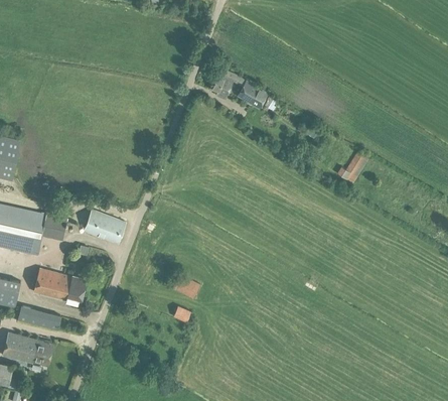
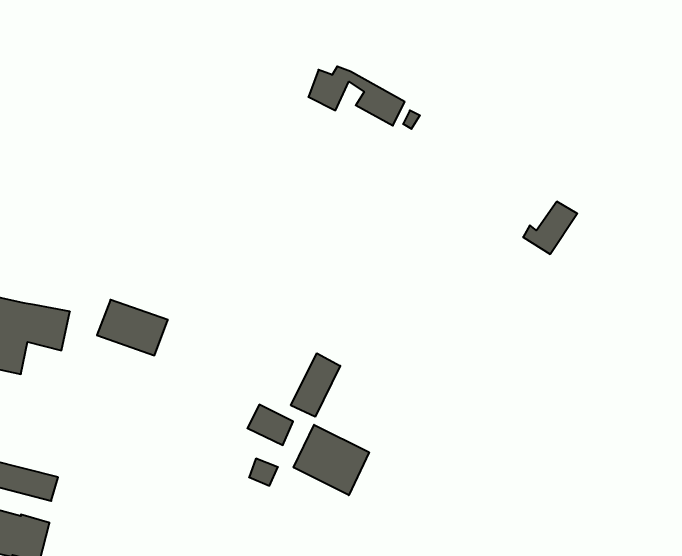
building: none -> [291,353,340,417]
building: [32,268,86,305] -> none
building: none -> [294,425,369,495]

